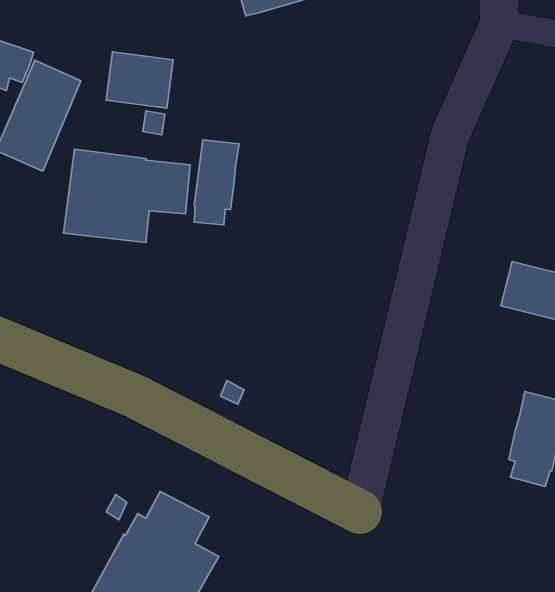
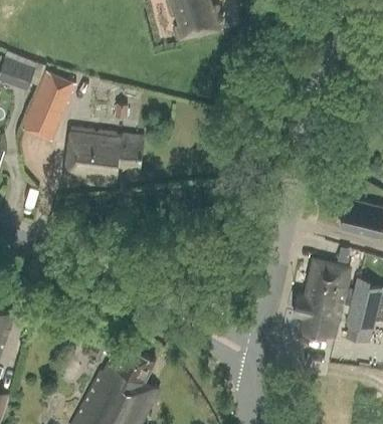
building: [106,52,173,108] -> none
building: [194,140,239,225] -> none
building: none -> [295,261,352,341]

